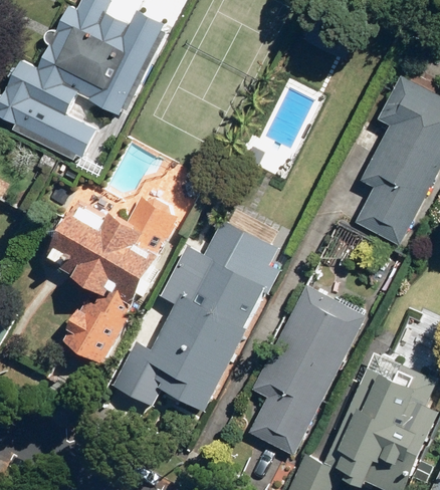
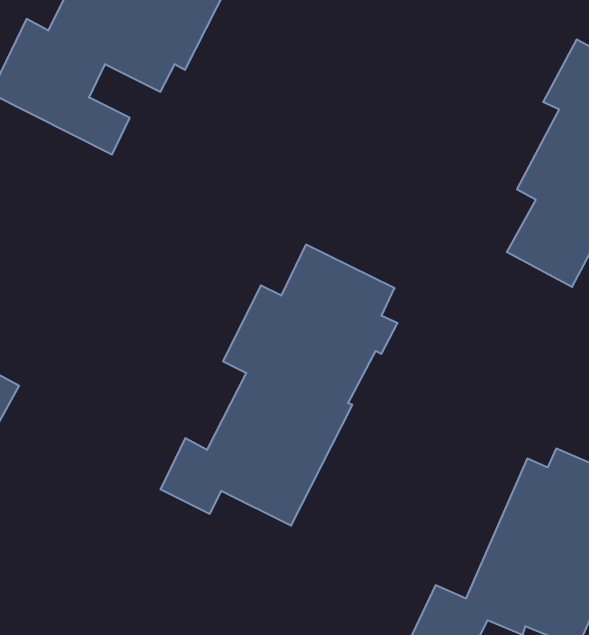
building: [53,198,179,361] -> none
building: [249,283,367,455] -> none

